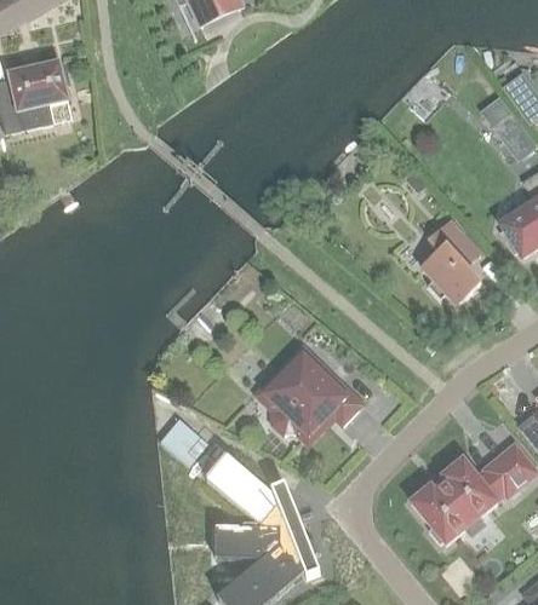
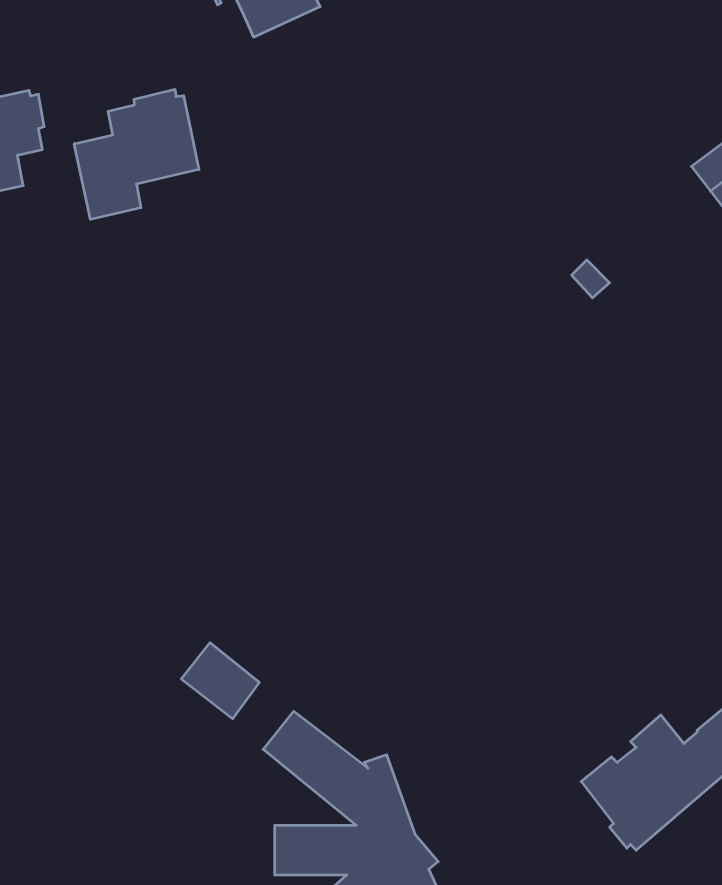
building: none -> [74,89,199,219]
building: [422,220,480,304] -> none
building: [264,355,361,433] -> none

